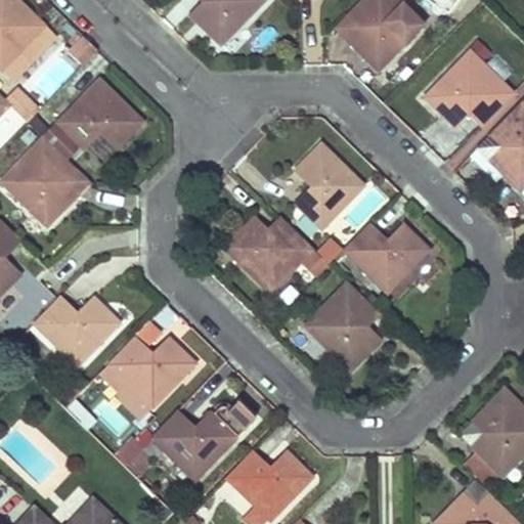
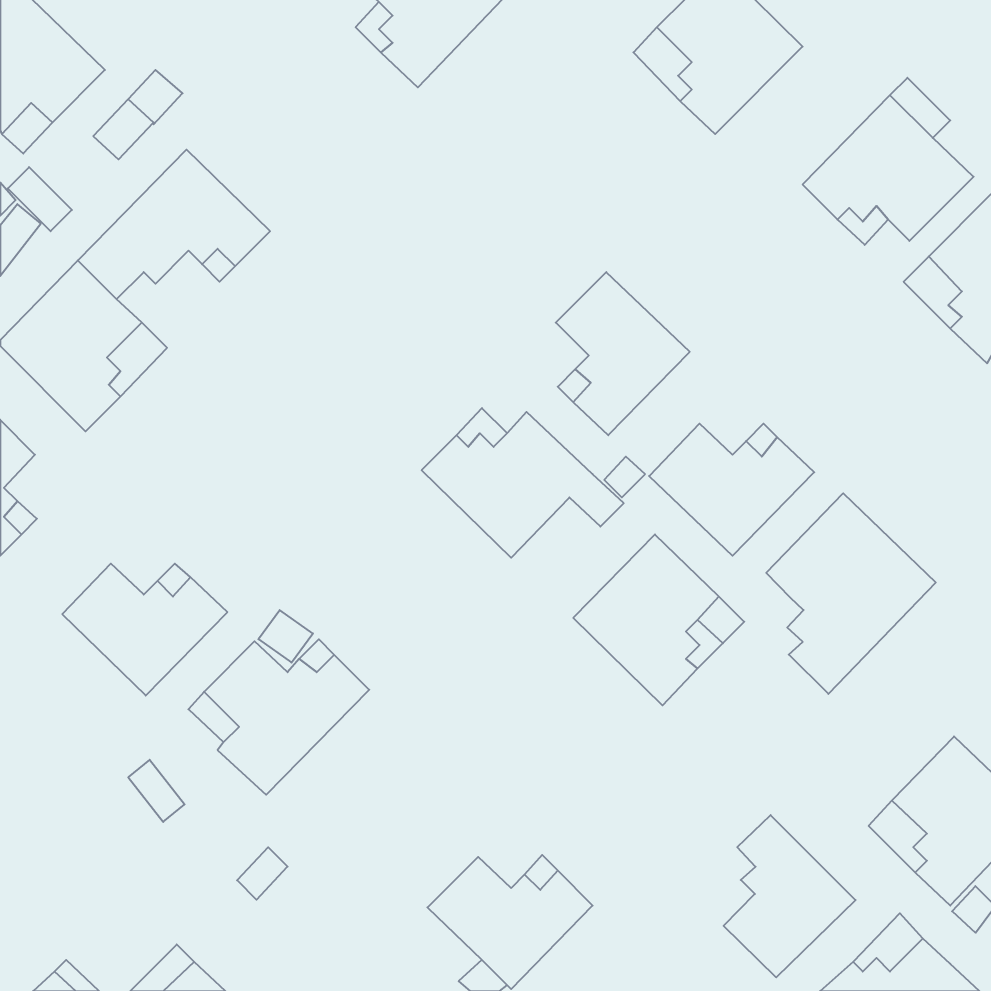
building: none -> [766,493,936,694]
building: [151,401,255,480] -> none
building: none -> [724,815,856,977]

